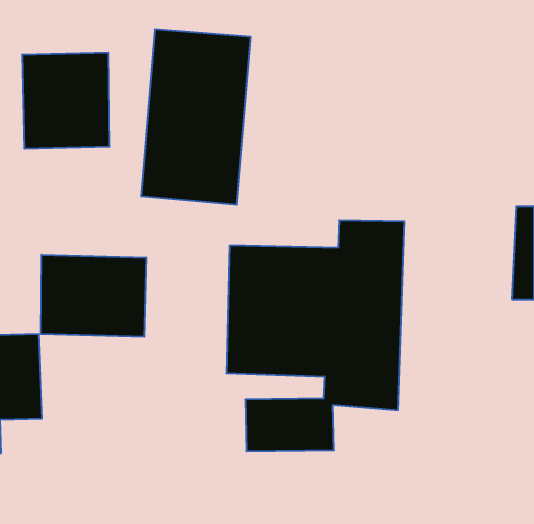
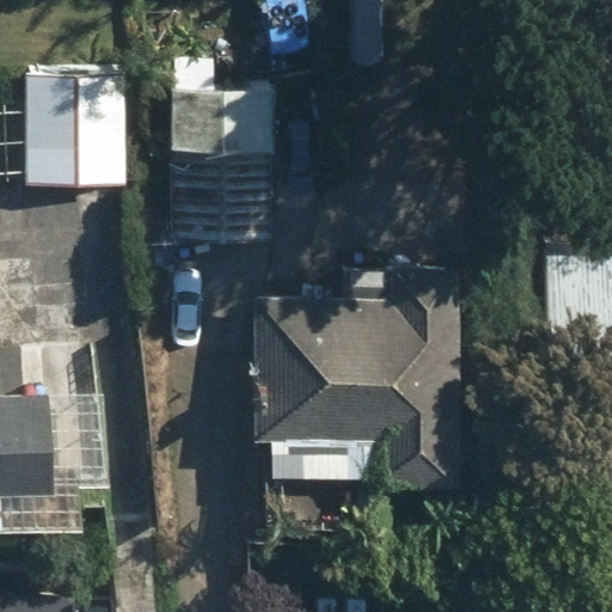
building: [41,255,146,337] -> none

